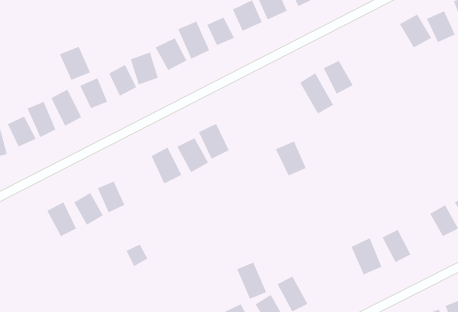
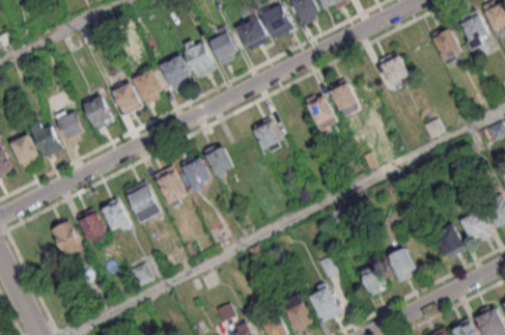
building: [399,13,432,48] -> [376,50,410,85]
building: [59,46,91,81] -> none
building: [275,140,307,177] -> [251,117,283,153]
building: none -> [124,180,161,222]
building: [236,262,267,300] -> [308,283,339,322]

